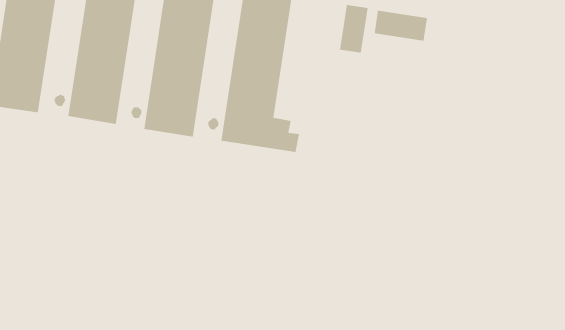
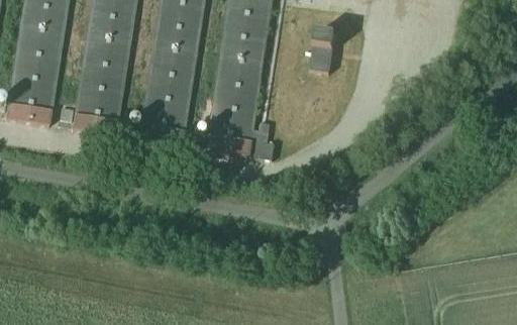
building: [374,10,427,41] -> none

